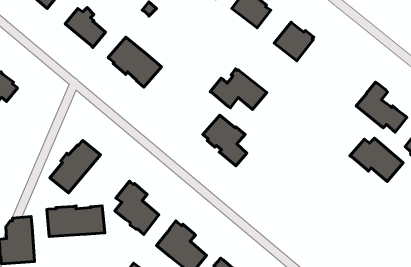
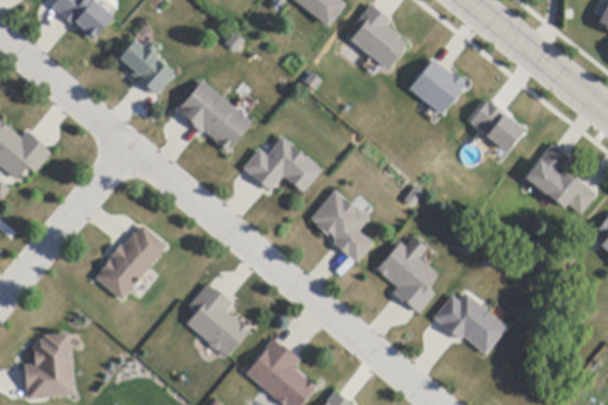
building: none -> [467,96,522,150]
building: [210,69,267,109] -> [242,135,322,192]
building: [350,138,403,181] -> [432,293,507,354]
building: none -> [376,236,438,312]
building: [47,206,105,236] -> none

